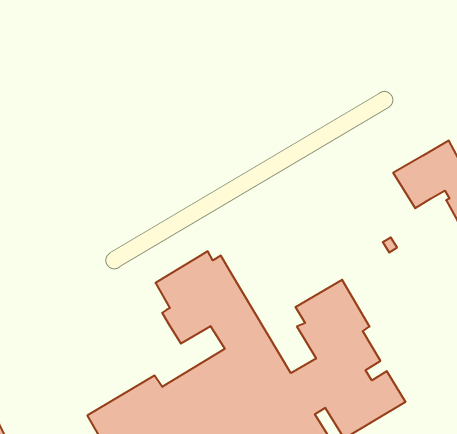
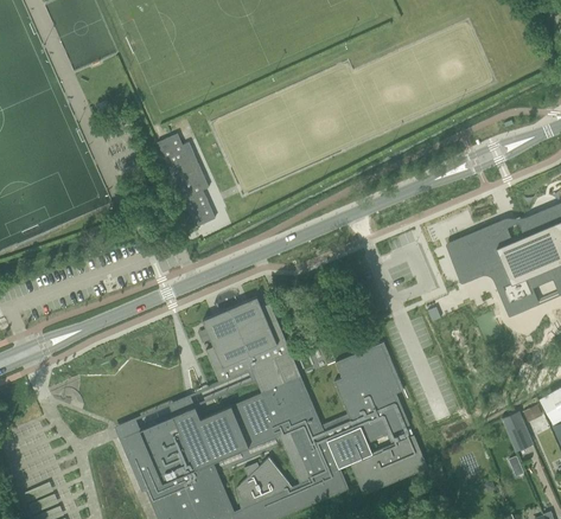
building: none -> [158,133,215,226]

